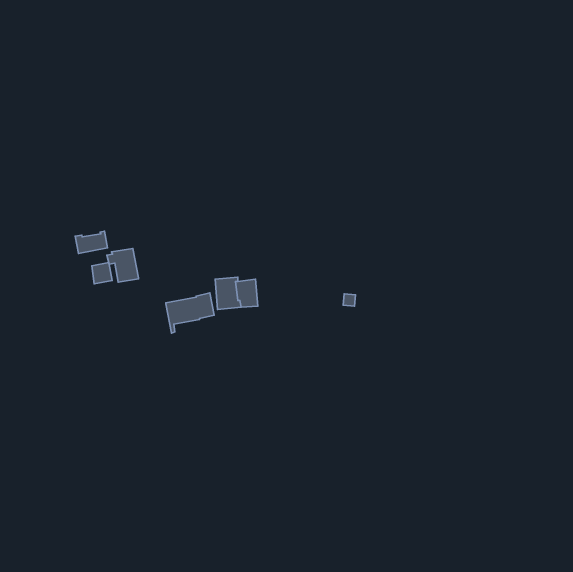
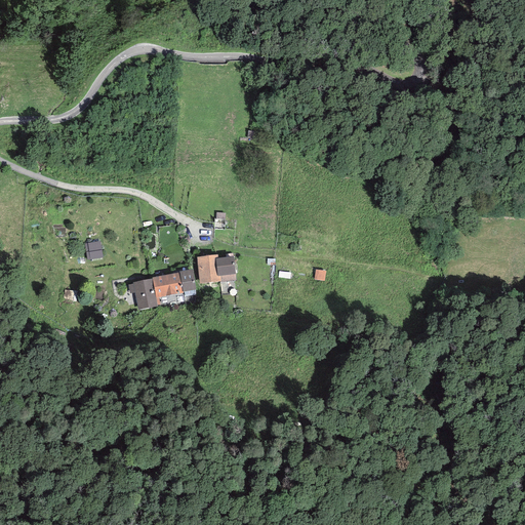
building: [75,231,107,254] -> none
building: [107,249,138,282] -> [128,278,157,309]

